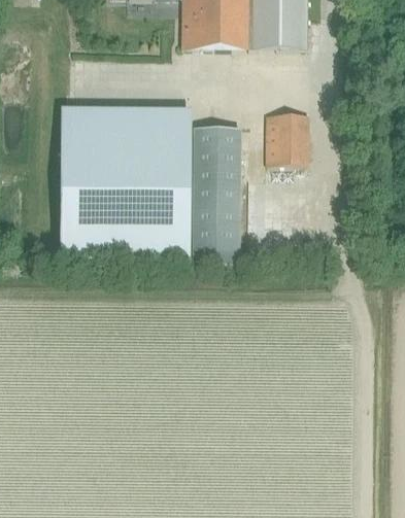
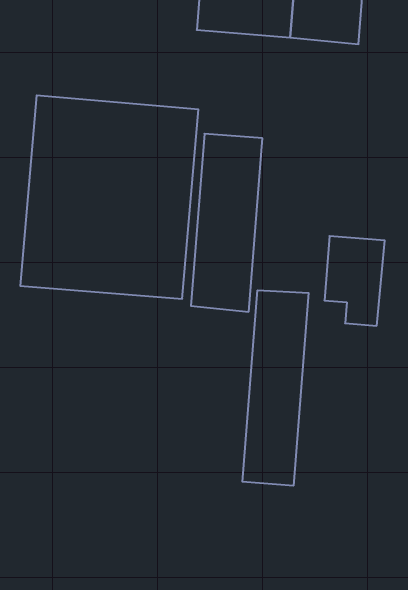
building: [266,111,309,178] -> [324,236,385,326]
building: none -> [242,290,309,486]

